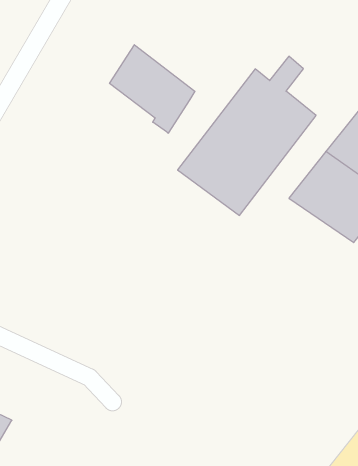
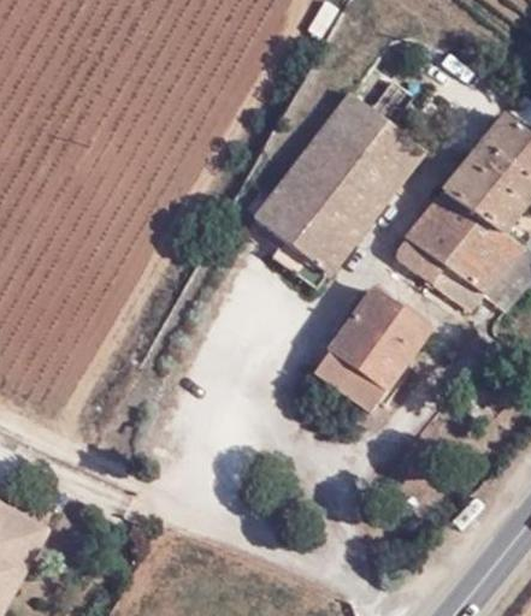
building: [110,45,195,133] -> none
building: none -> [314,288,429,407]

